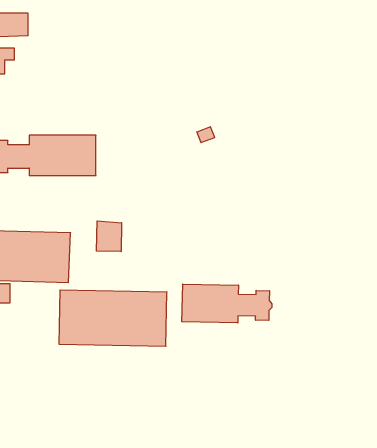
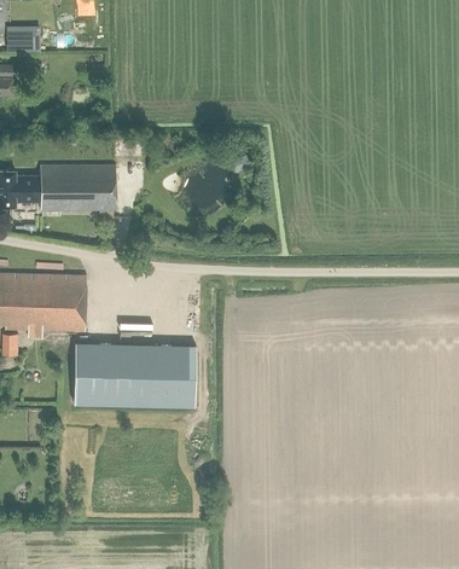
building: [97,221,122,252] -> none
building: [182,284,272,323] -> none

